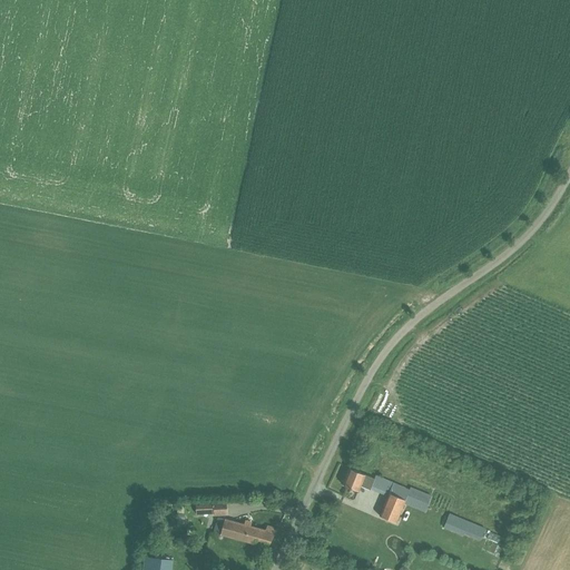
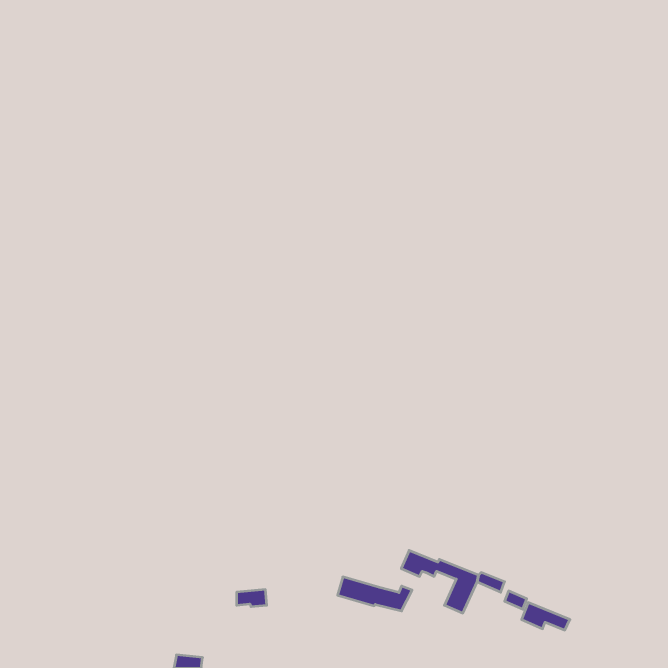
building: [213,519,276,548] -> [338,577,412,611]

